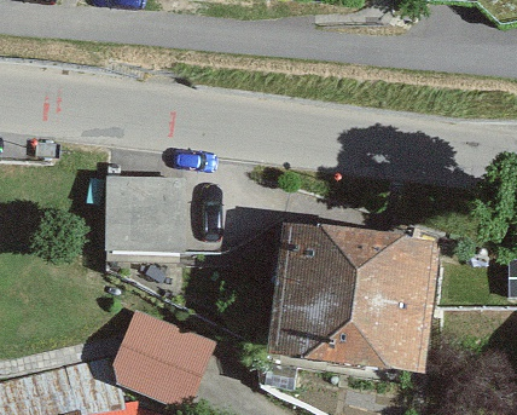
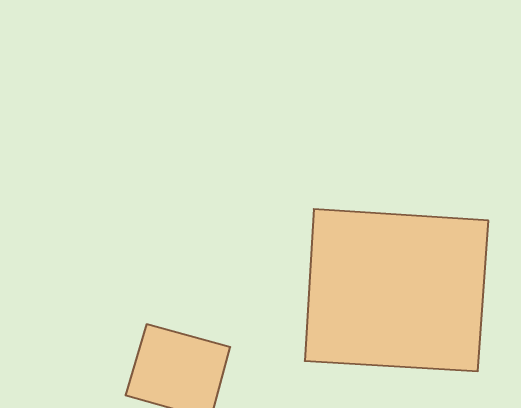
building: [104,177,186,249] -> none

